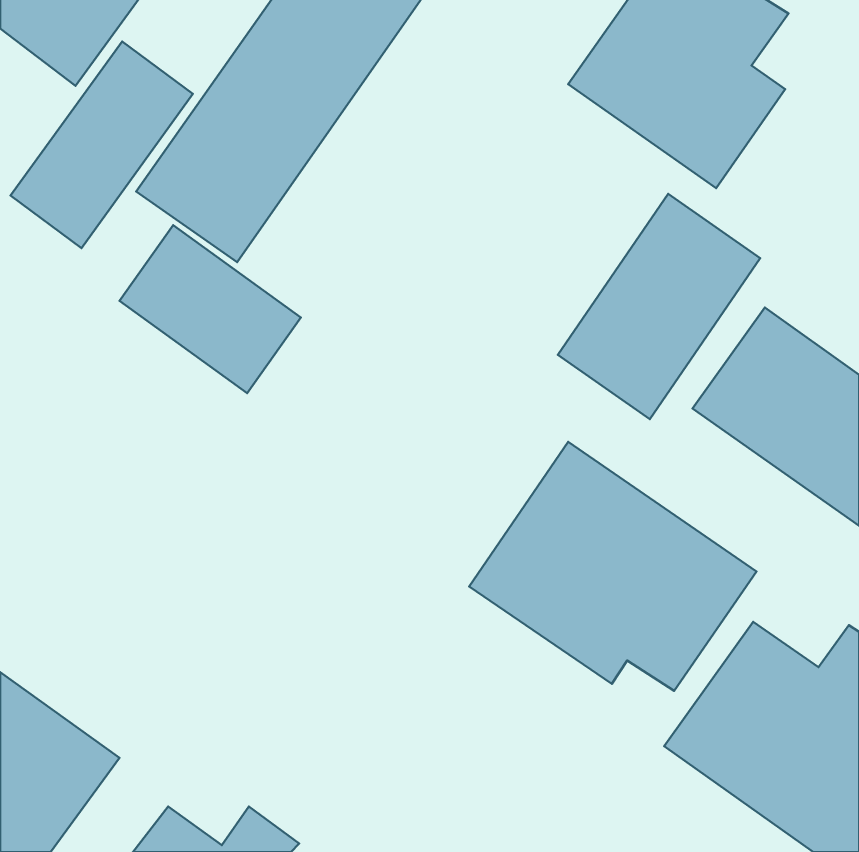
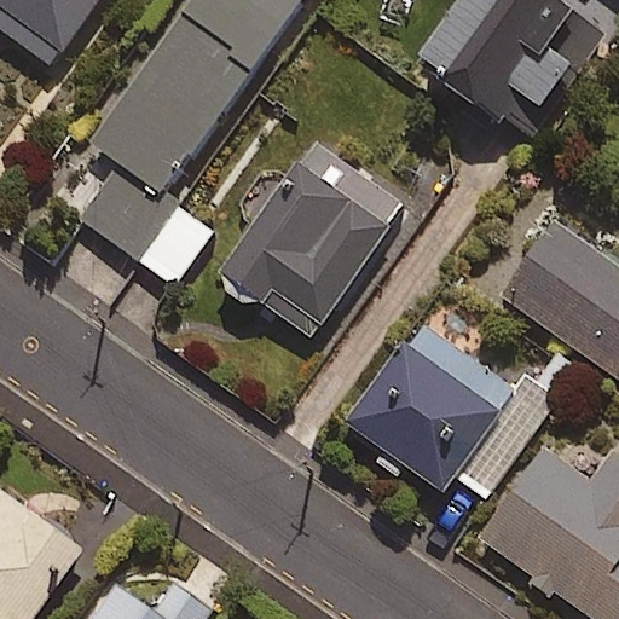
building: [11,42,193,248] -> none
building: [558,194,760,419] -> none
building: none -> [216,141,401,337]

